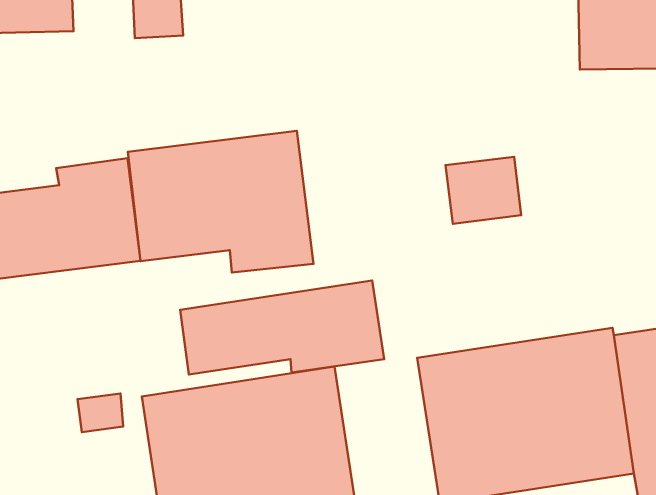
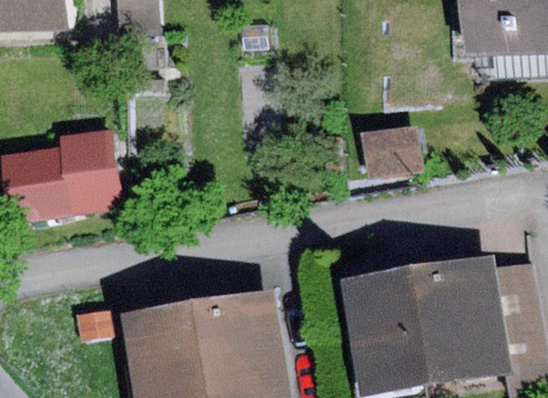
building: [128,131,313,273] -> none
building: [180,280,384,375] -> none

